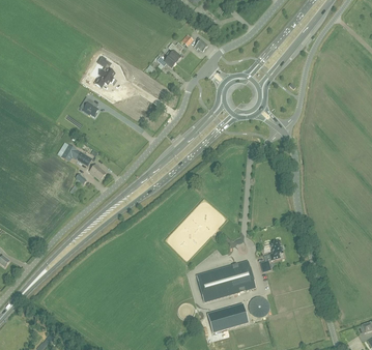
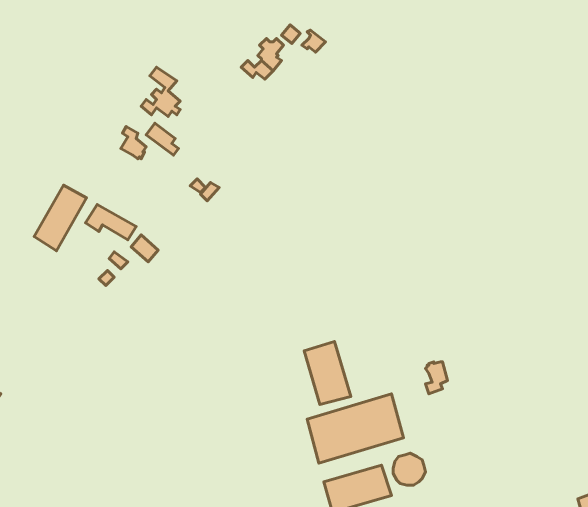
building: none -> [34,185,87,251]
building: none -> [304,342,351,404]

